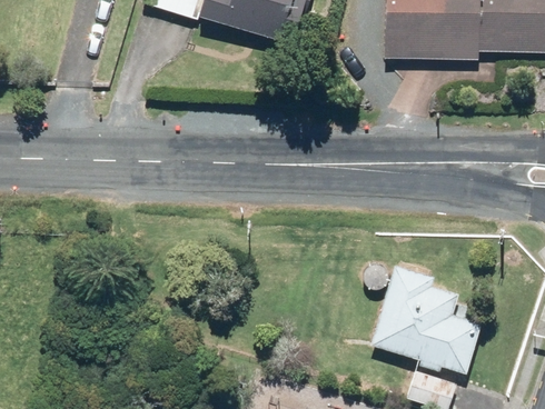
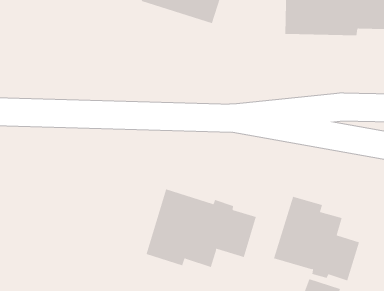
building: none -> [146,189,257,268]

